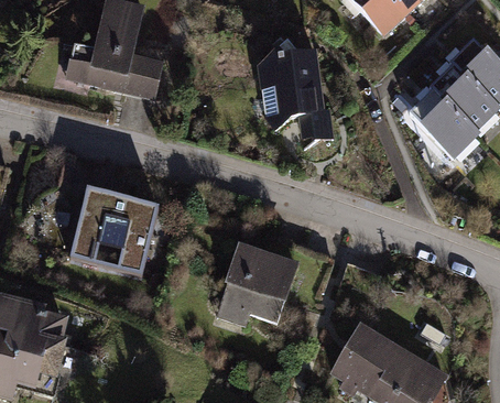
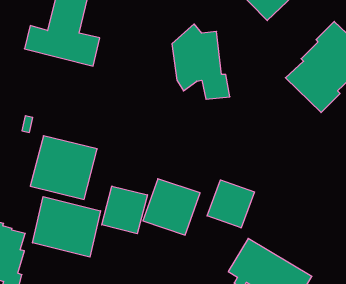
building: none -> [207,180,255,228]
building: none -> [102,186,147,234]
building: none -> [33,197,101,257]

